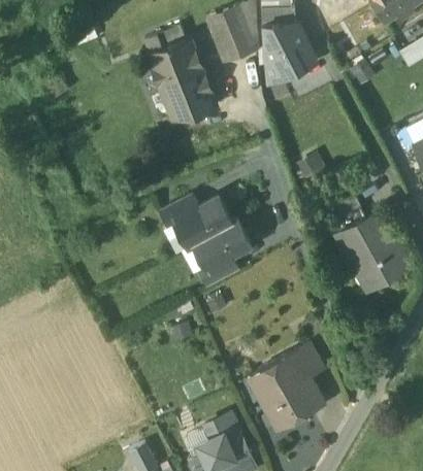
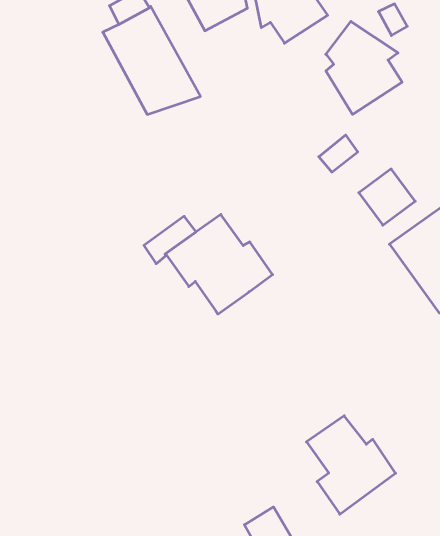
building: none -> [326,21,402,114]
building: [198,258,238,288] -> none
building: [290,345,322,379] -> none

